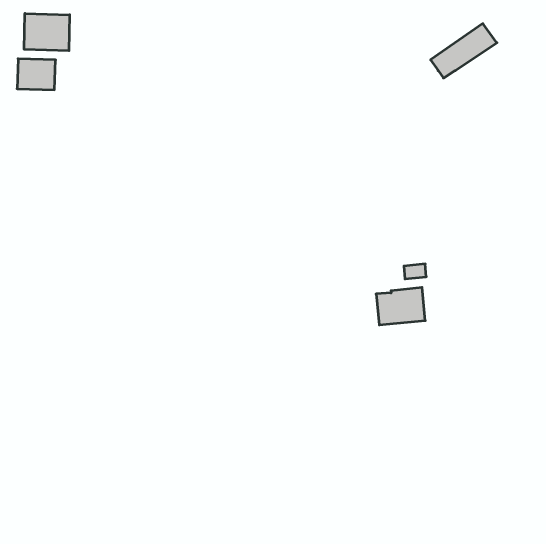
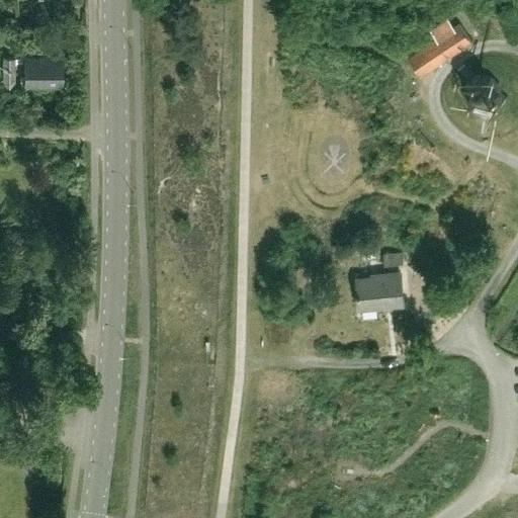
building: [24,13,70,51] -> none
building: none -> [468,81,497,107]

